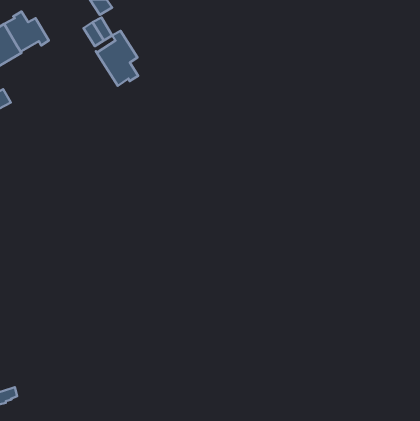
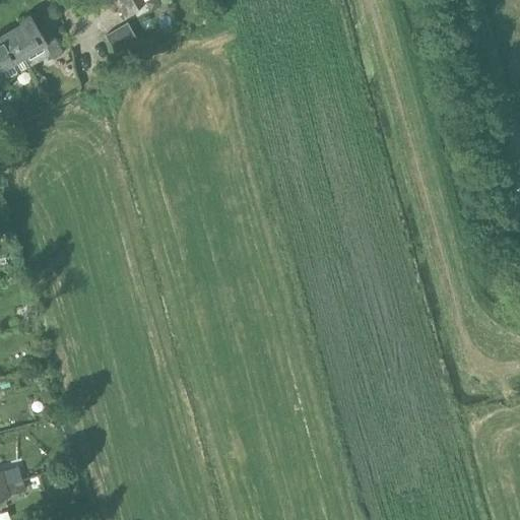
building: [96,31,138,86] -> none

